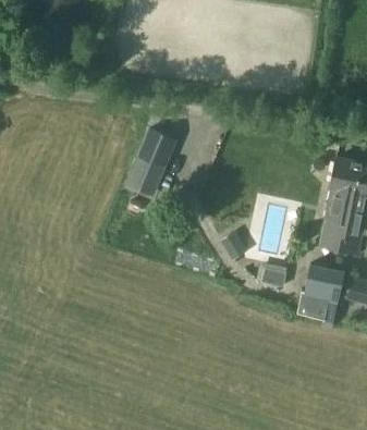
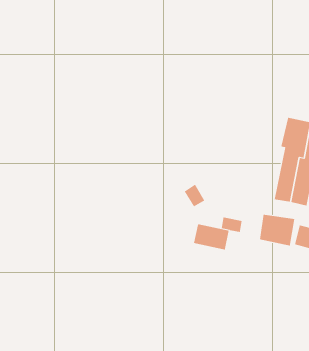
building: [126,128,174,194] -> none
building: [298,294,339,323] -> [193,224,229,250]

